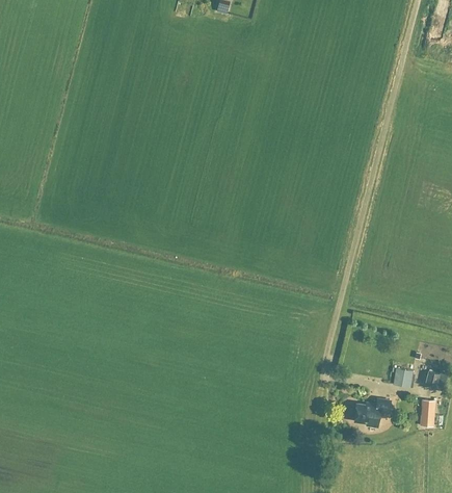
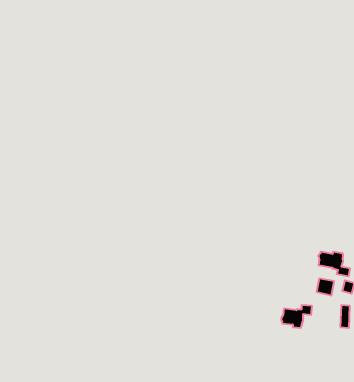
building: none -> [319,252,350,276]

